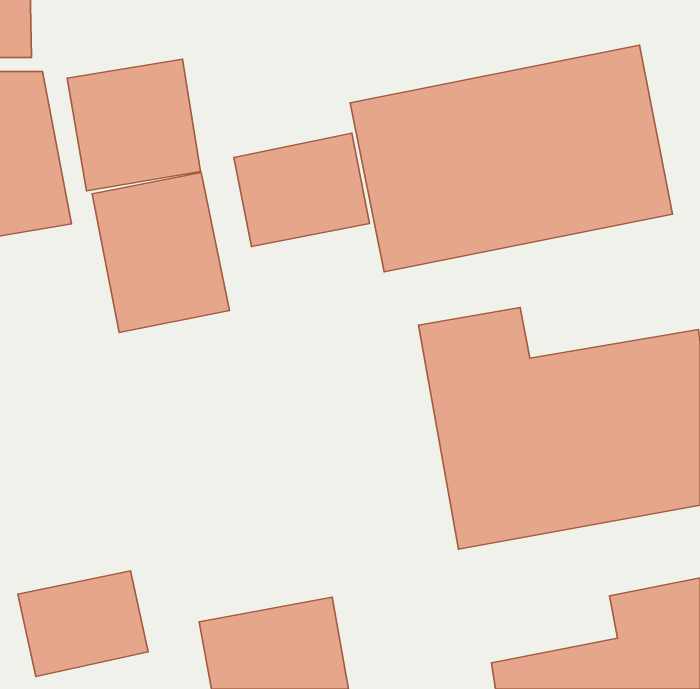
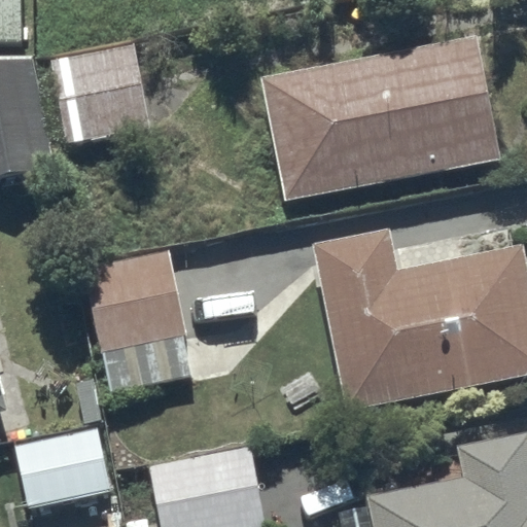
building: [234,133,370,247] -> none
building: [92,172,230,332] -> none
building: none -> [83,250,195,392]

